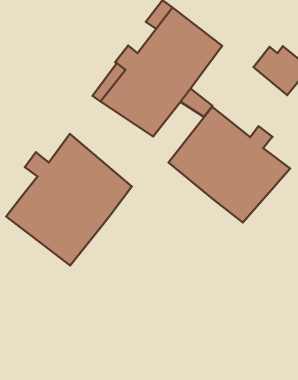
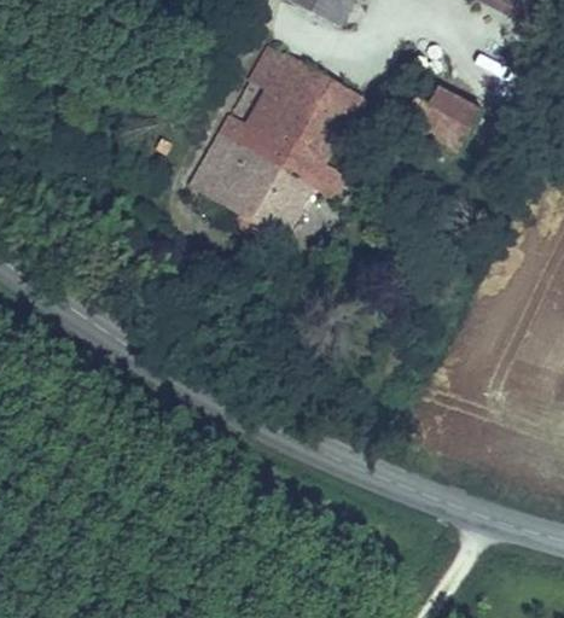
building: [168,107,290,222] -> none
building: [6,134,132,265] -> none

